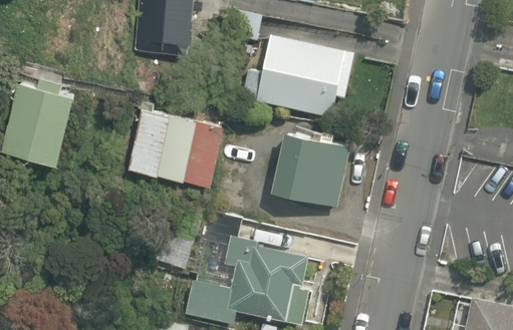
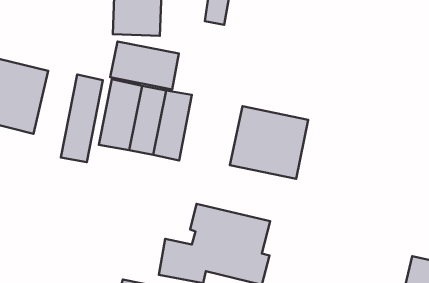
building: [251,33,356,116] -> none
building: none -> [110,41,179,89]
building: none -> [61,75,103,162]

